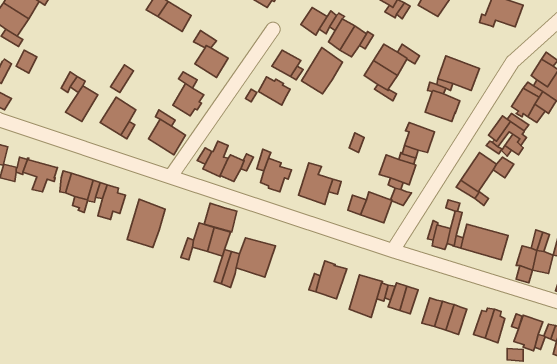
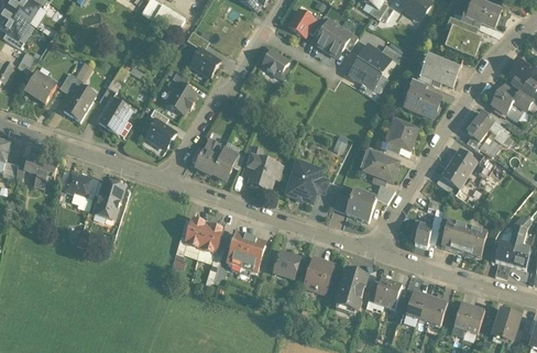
building: none -> [447,21,480,59]
building: [301,47,342,94] -> none
building: none -> [25,73,55,103]
building: [258,77,290,105] -> none
building: [127,199,165,247] -> none
building: [204,203,237,232] -> none
building: none -> [273,247,299,273]

